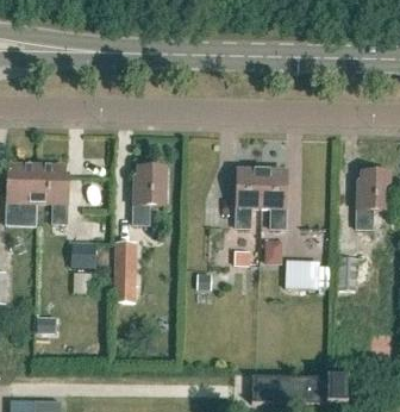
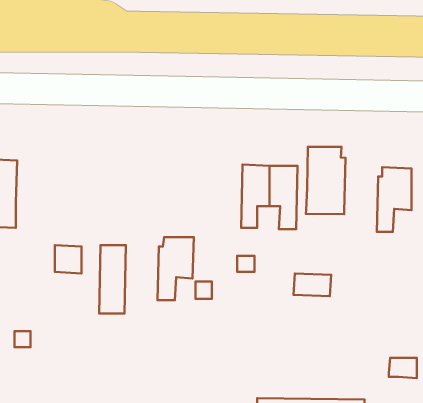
building: none -> [306,147,345,214]
building: [37,164,68,220] -> none
building: [133,167,165,223] -> [157,237,194,300]

